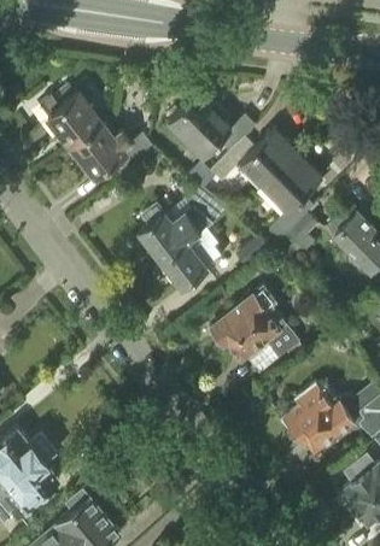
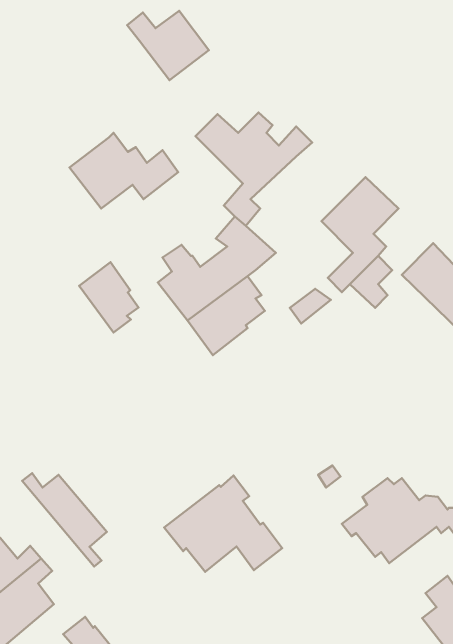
building: [37,94,100,147] -> [127,11,209,80]
building: [209,130,297,188] -> none
building: none -> [79,262,139,332]
building: [209,288,299,362] -> [164,476,282,572]
building: none -> [22,473,107,566]

